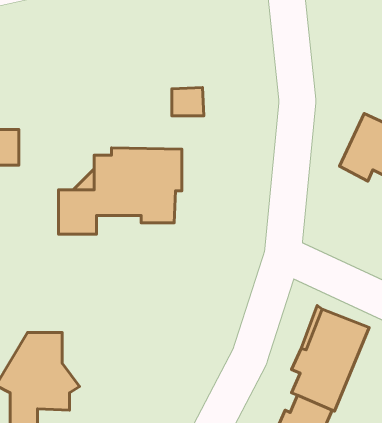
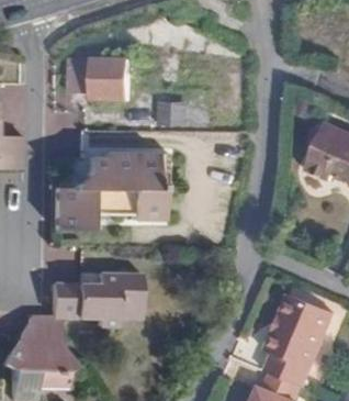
building: none -> [69,59,128,102]
building: none -> [52,272,139,326]

